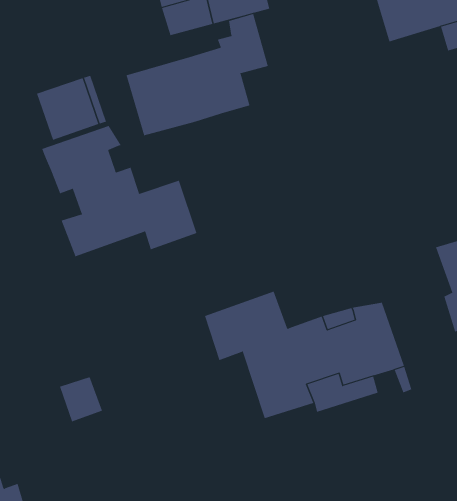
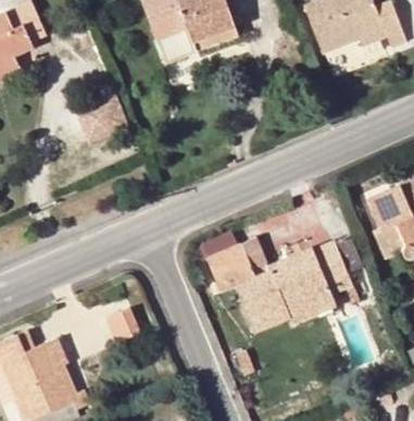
building: [126,13,269,136] -> none
building: [42,125,197,257] -> none

